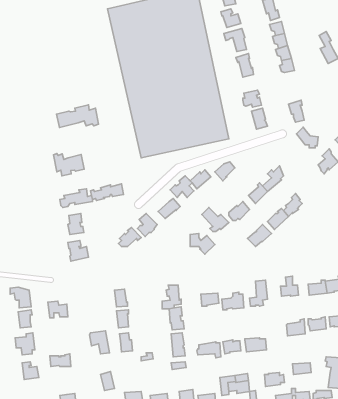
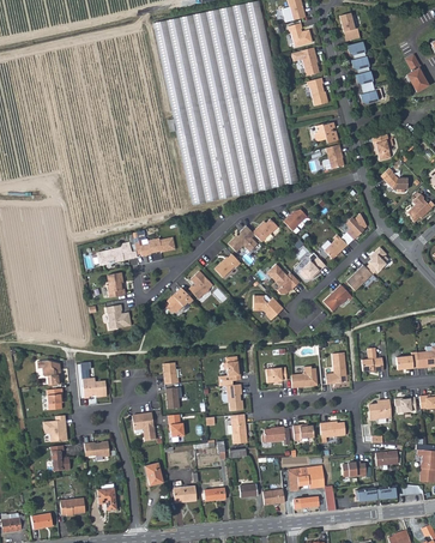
building: [57,105,99,128] -> none
building: [53,153,84,176] -> none

